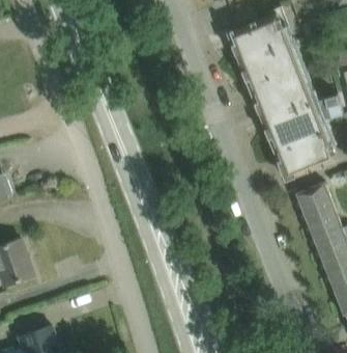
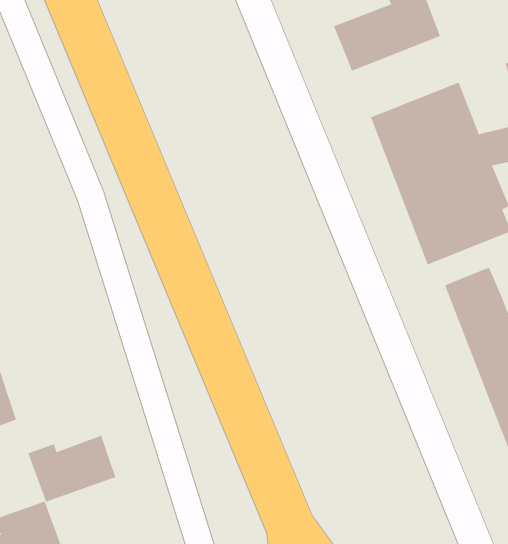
building: [238,38,305,88] -> none
building: none -> [27,435,116,502]

